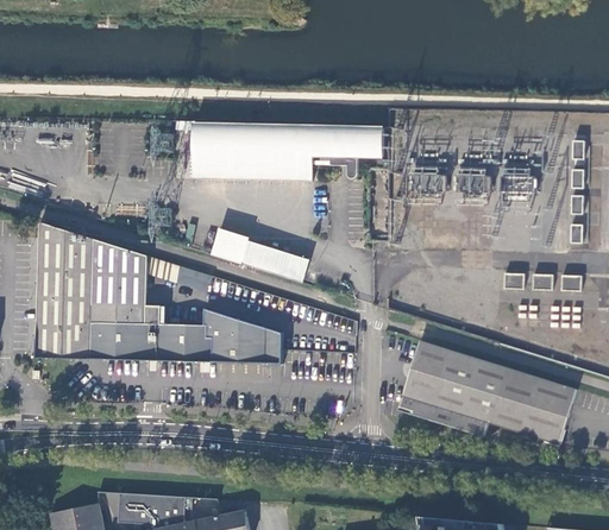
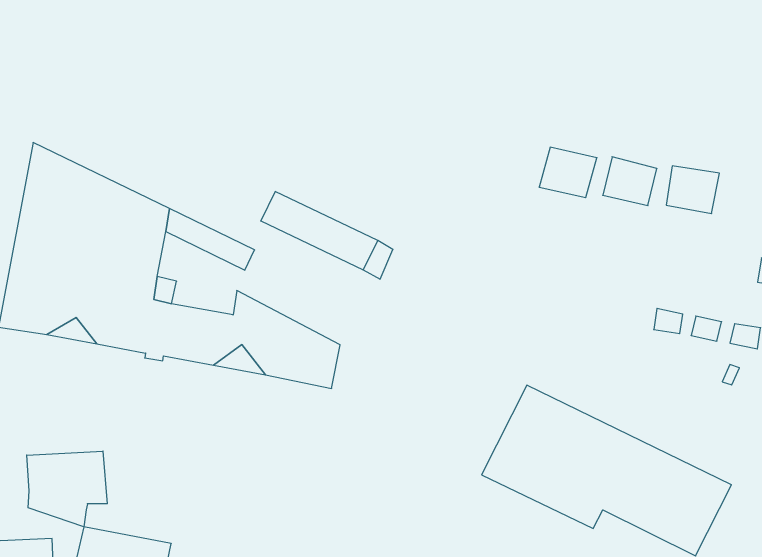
building: [174,120,382,181] -> none
building: none -> [27,451,107,527]

